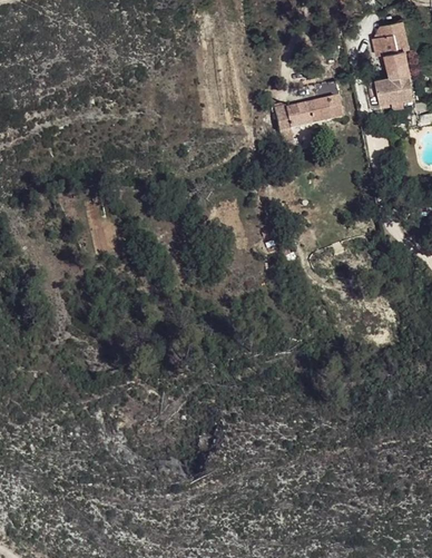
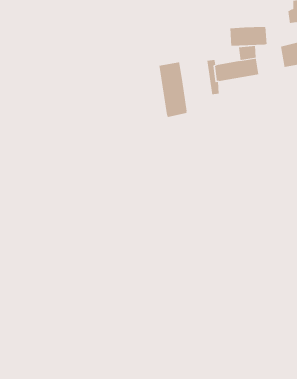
building: none -> [230,26,267,47]
building: none -> [159,62,187,118]

